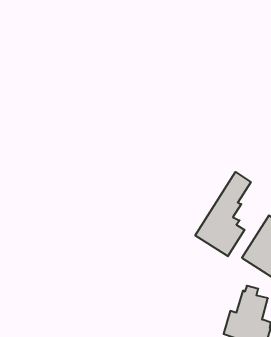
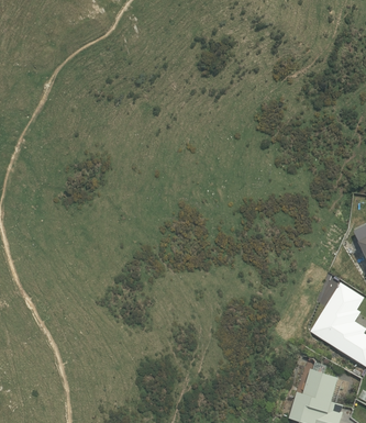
building: [195,172,251,256] -> none

